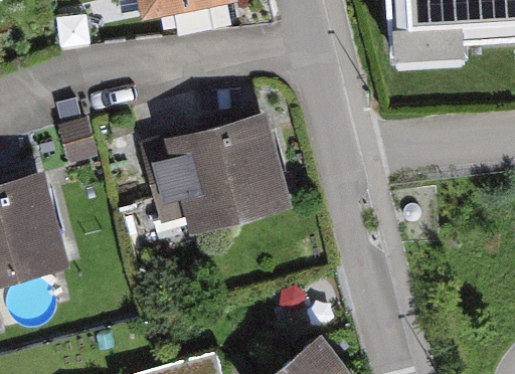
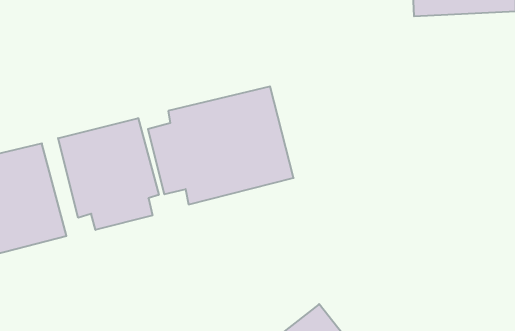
building: none -> [58,118,159,230]

